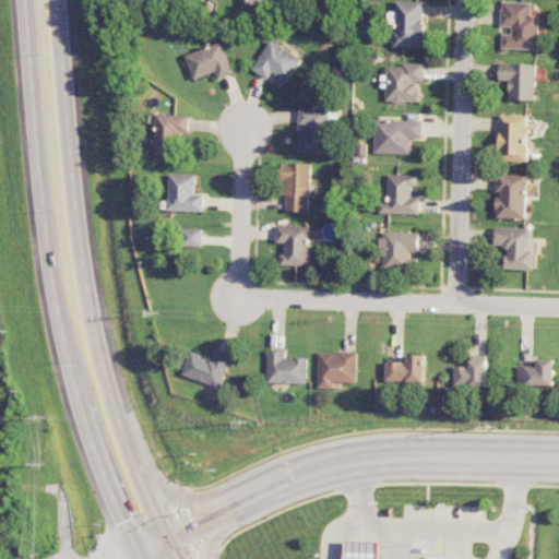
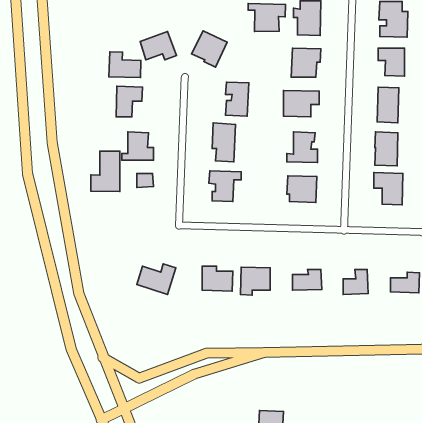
building: none -> [248,4,286,32]
building: none -> [109,52,141,78]
building: none -> [91,151,120,191]

